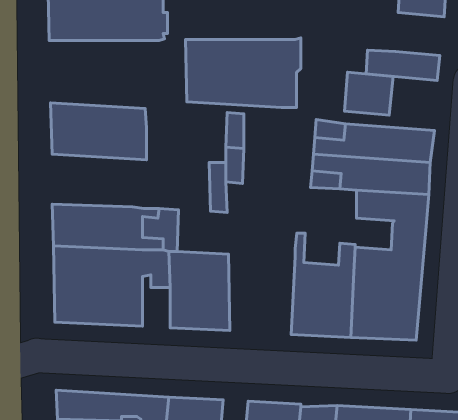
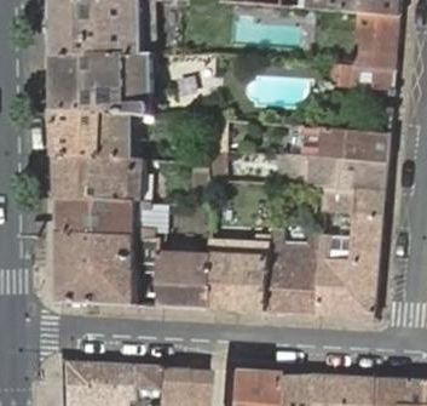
building: [185,38,301,107] -> [58,53,158,114]
building: [345,72,393,115] -> [359,30,402,68]
building: none -> [60,154,148,200]
building: none -> [214,236,272,311]

